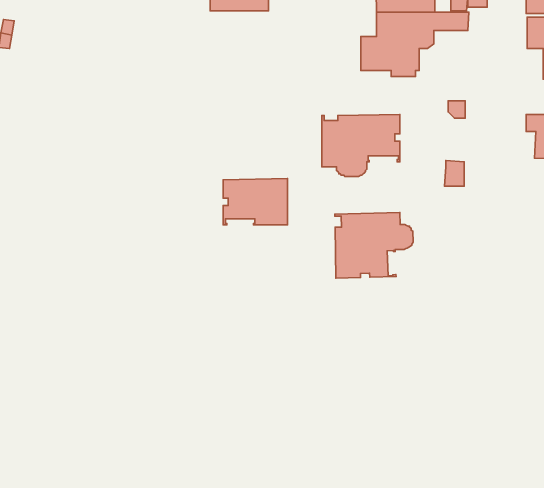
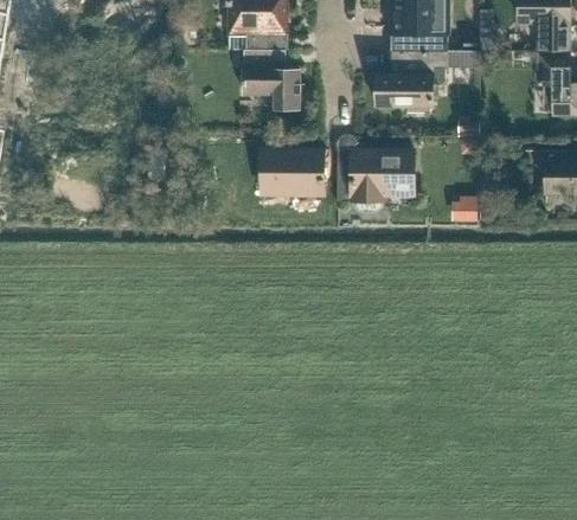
building: none -> [242,52,300,113]
building: [223,179,288,225] -> [261,150,323,195]
building: [335,213,413,278] -> none

